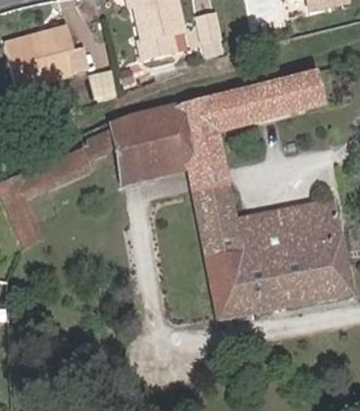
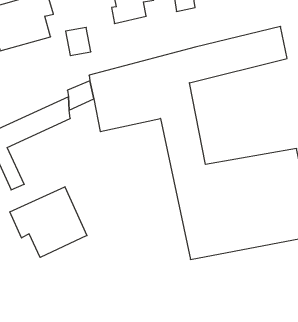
building: none -> [10,187,87,257]

